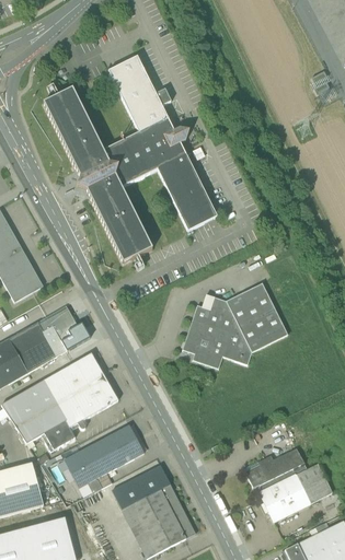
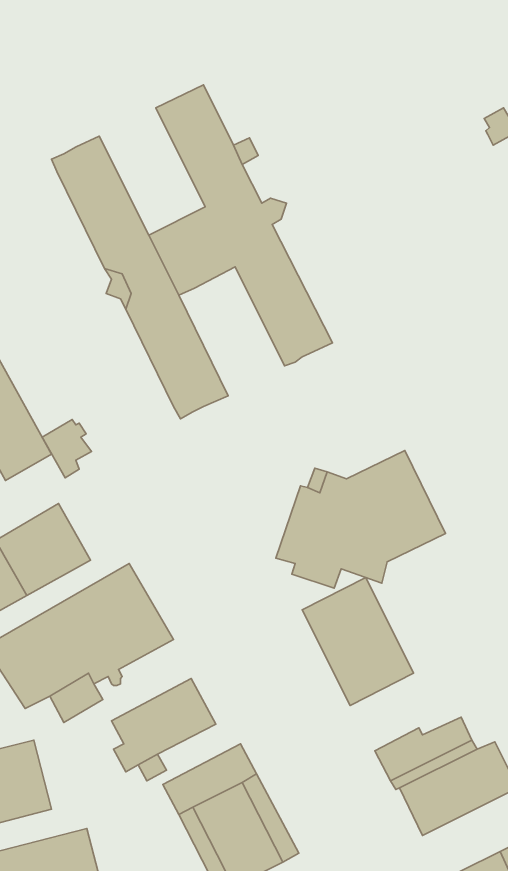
building: [47,305,78,341] -> [42,420,92,478]
building: none -> [302,577,414,706]
building: [64,451,89,488] -> none

